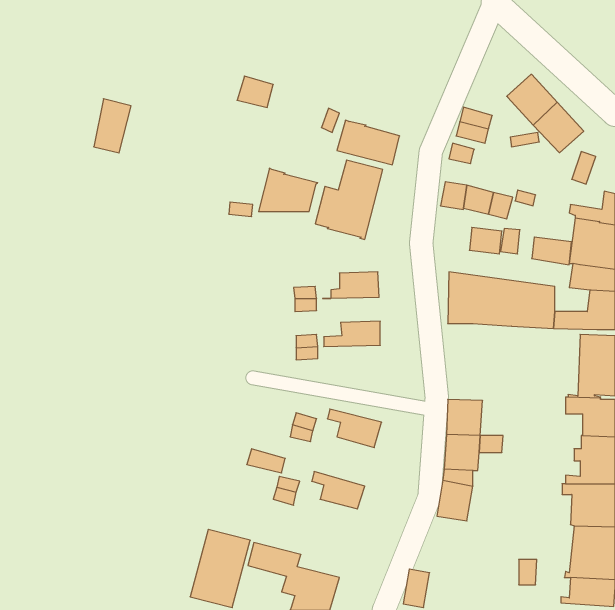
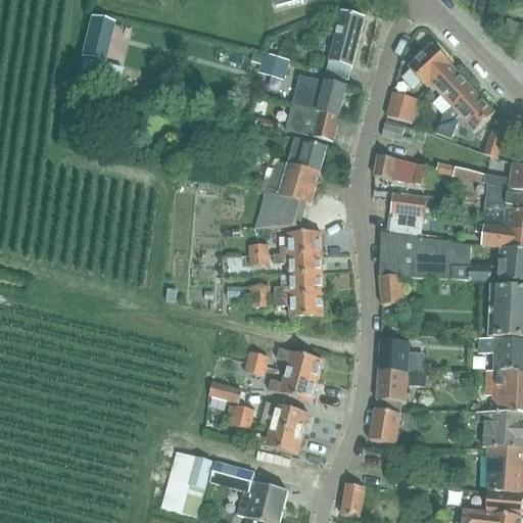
building: none -> [326,8,365,76]
building: none -> [409,43,453,86]
building: [237,76,273,107] -> [259,51,290,78]
building: none -> [296,76,347,115]
building: [94,99,131,153] -> [82,13,113,59]
building: [259,168,318,212] -> [256,189,306,226]
building: [532,237,572,265] -> [390,213,424,237]
building: none -> [274,252,323,274]
building: none -> [380,275,403,303]
building: none -> [275,293,324,316]
building: none -> [270,371,318,400]
building: none -> [258,424,303,454]

